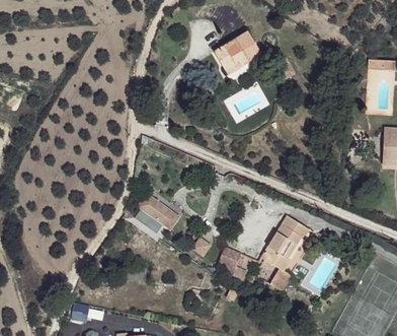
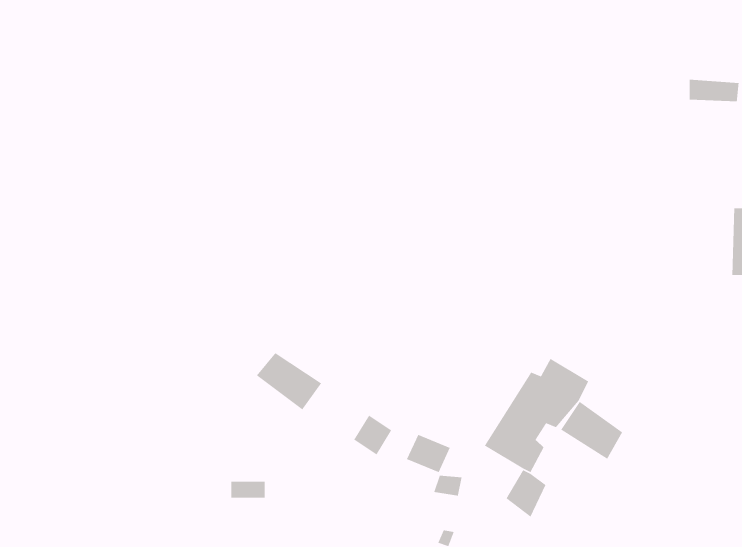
building: [210,30,255,75] -> none
building: none -> [560,401,623,460]

